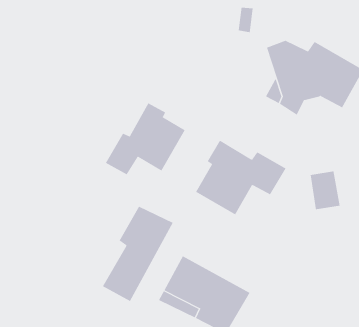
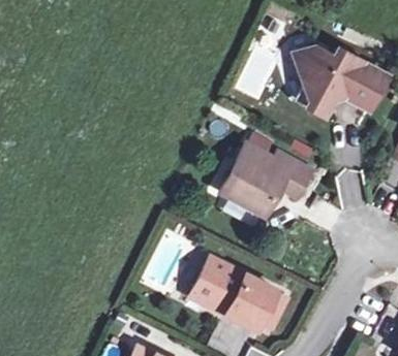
building: [105,102,186,175] -> none
building: [102,206,173,302] -> none

